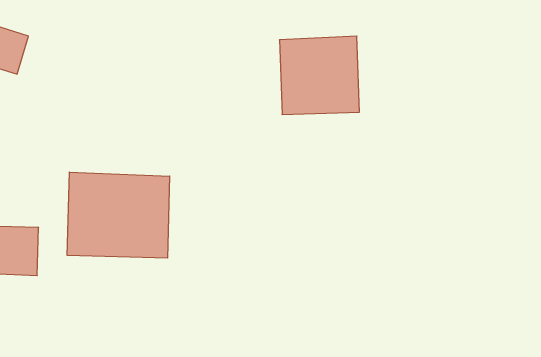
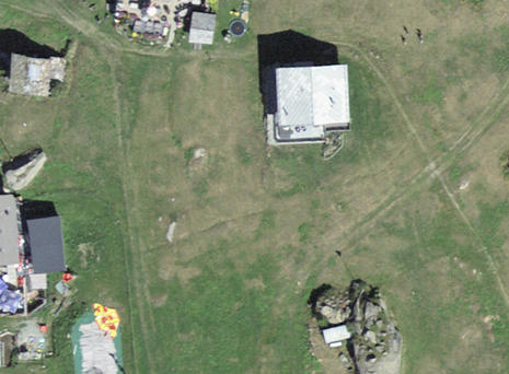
building: [67,172,170,258] -> none

